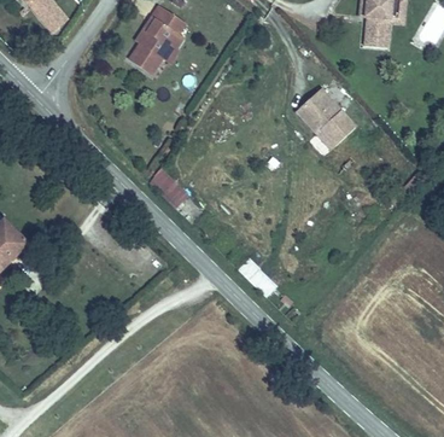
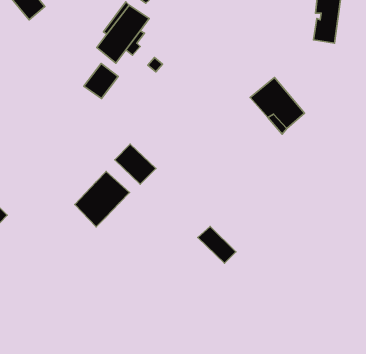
building: none -> [84,63,118,98]
building: none -> [75,171,130,227]

